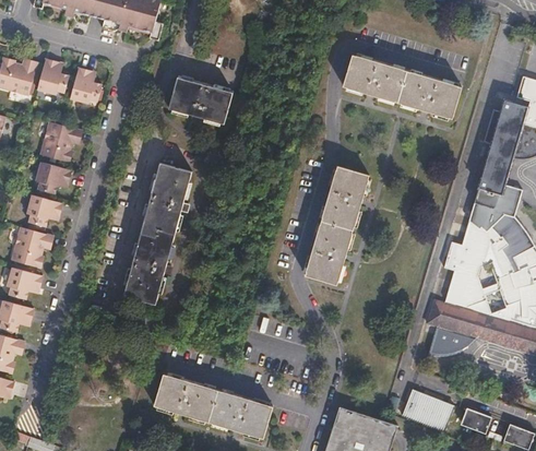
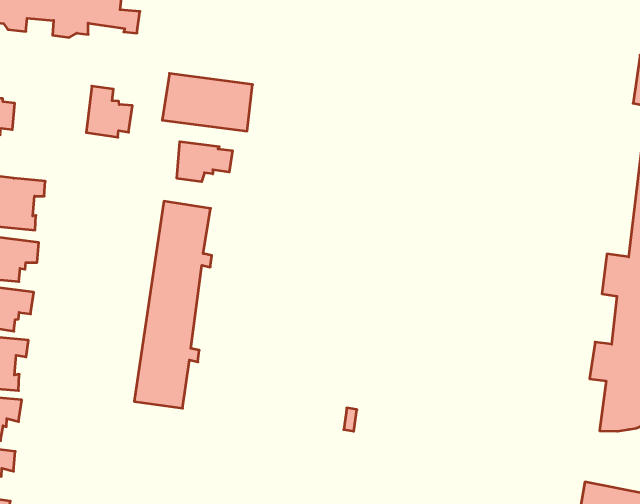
building: [345,55,461,118] -> none
building: [69,67,103,104] -> [86,86,132,137]
building: none -> [177,142,232,182]
building: [307,165,369,283] -> none

